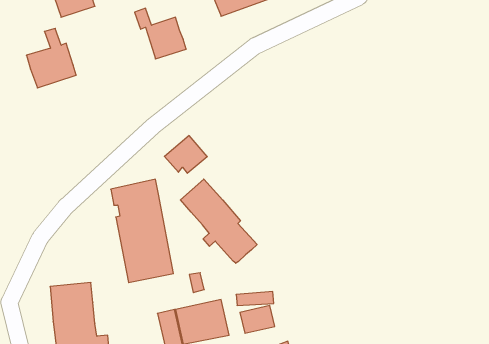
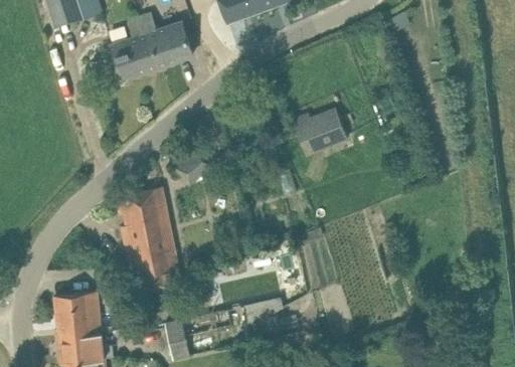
building: [26,28,76,88] -> [111,18,161,78]
building: none -> [295,110,345,154]
building: [180,179,257,263] -> none

